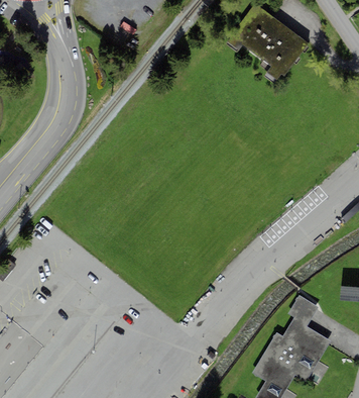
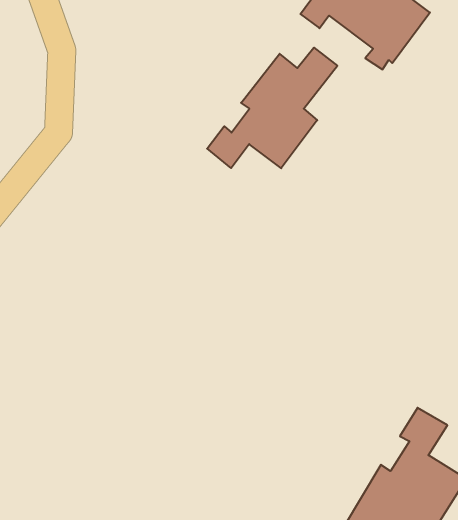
building: none -> [207,48,337,168]

